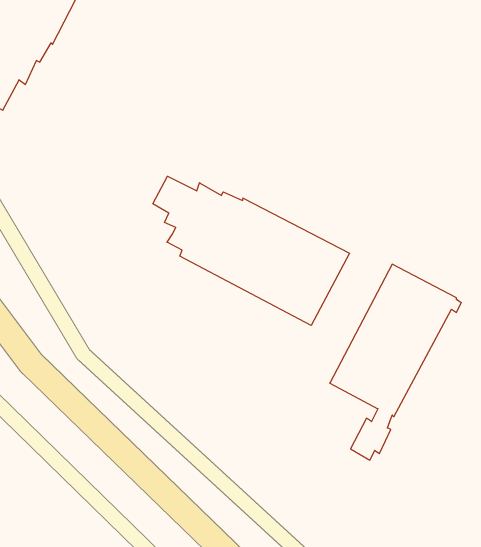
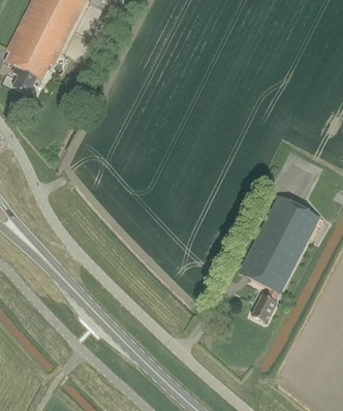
building: [153,176,349,325] -> none

